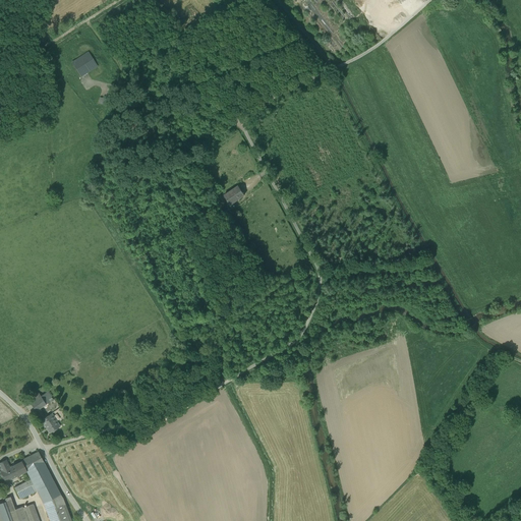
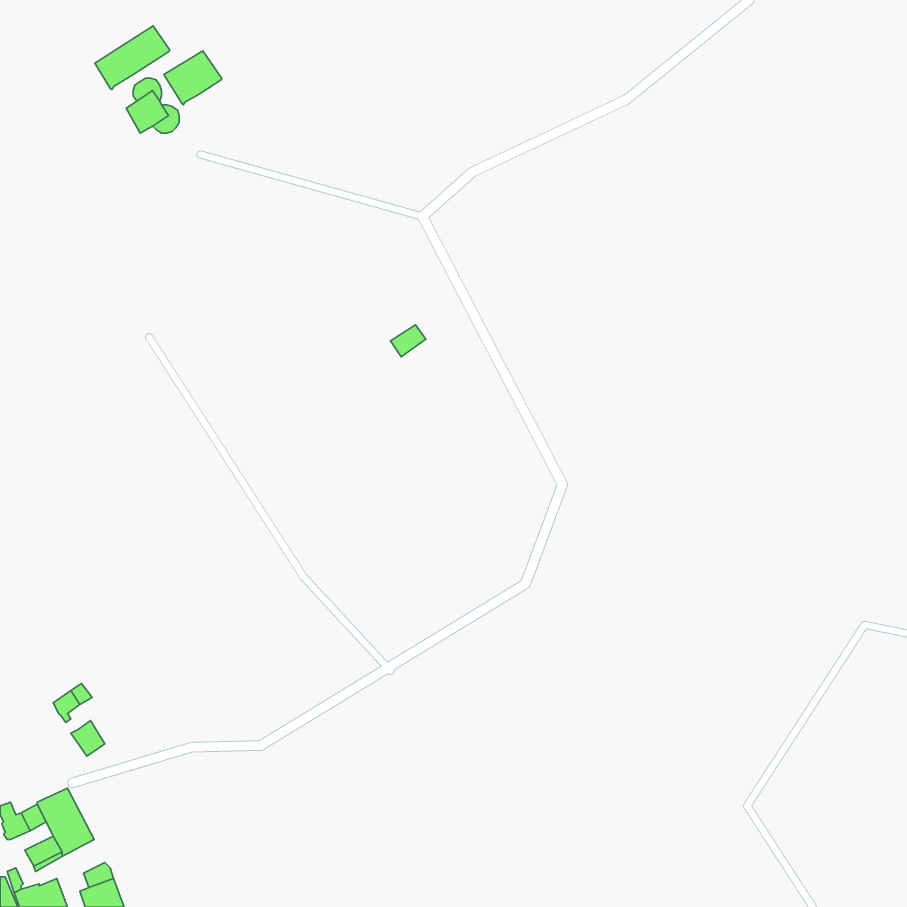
building: none -> [95,26,170,89]
building: none -> [164,51,222,105]

